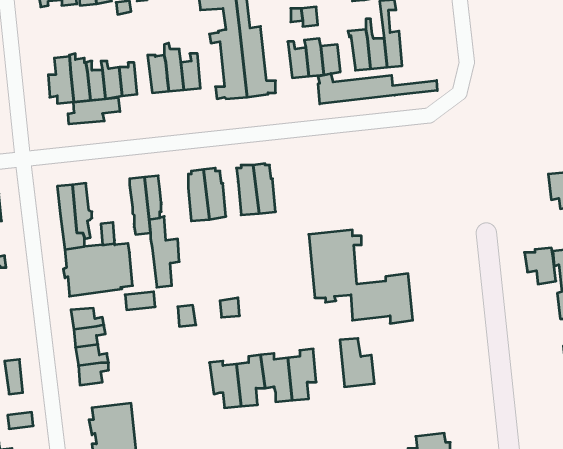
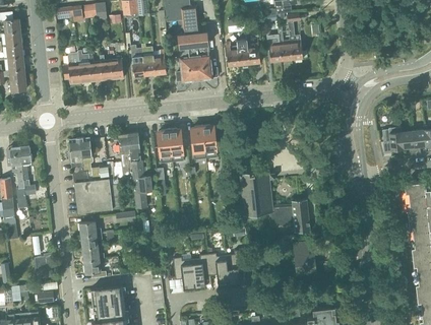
building: [318,73,437,104] -> none
building: [68,97,120,124] -> none
building: [524,248,556,284] -> [381,127,403,151]
building: [340,338,374,387] -> [292,243,315,275]

